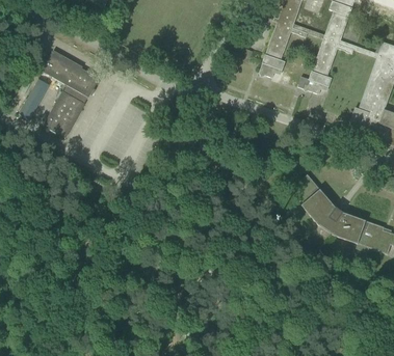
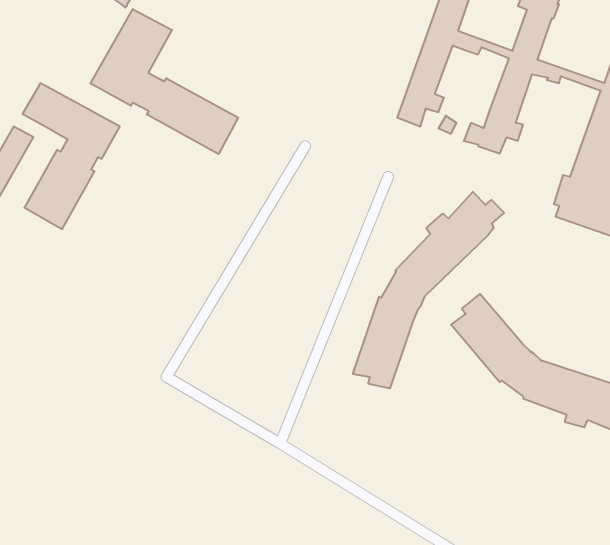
building: none -> [91,9,238,154]
building: none -> [353,192,504,388]

